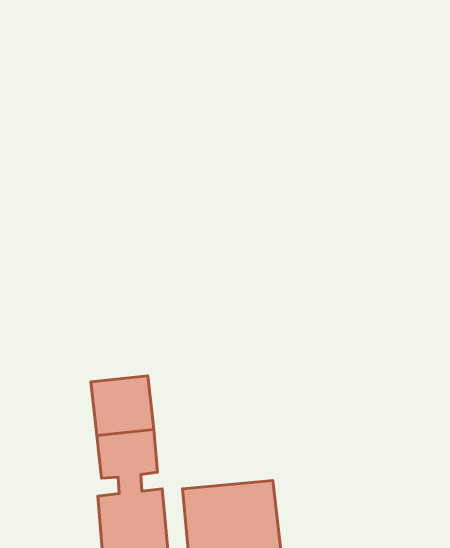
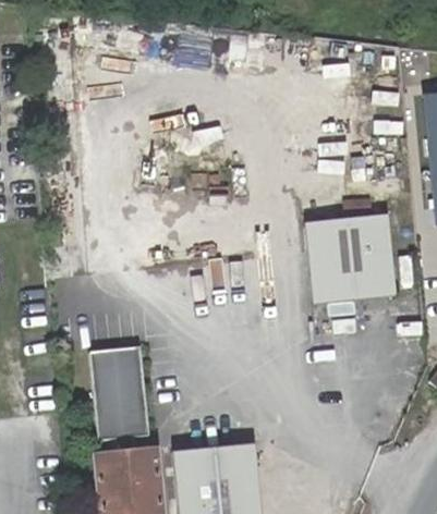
building: none -> [304,210,394,302]

